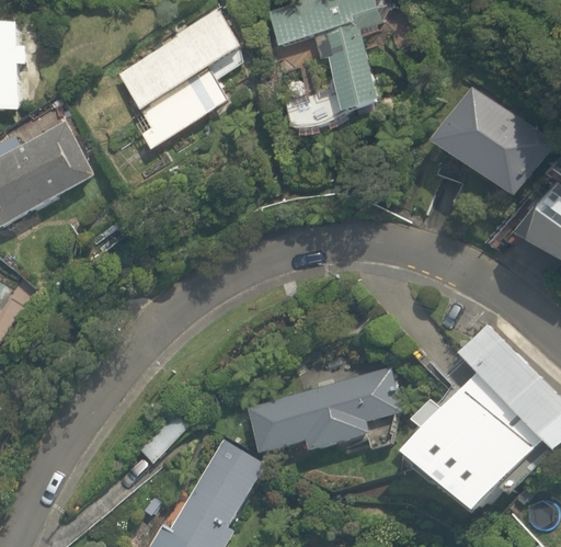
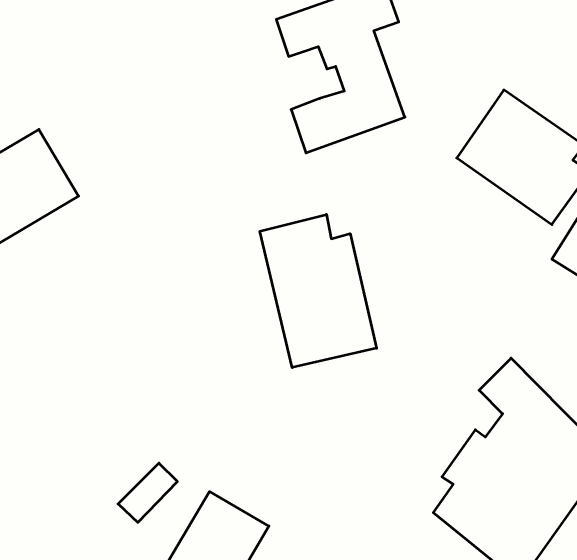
building: [114,9,240,156] -> none
building: none -> [260,214,377,368]
building: [249,369,402,451] -> none

